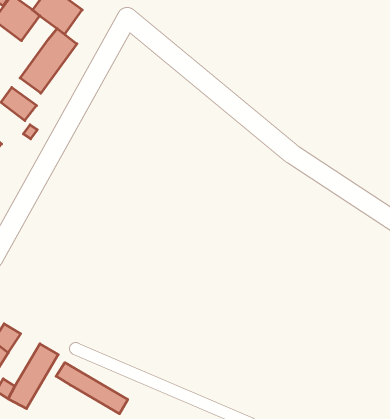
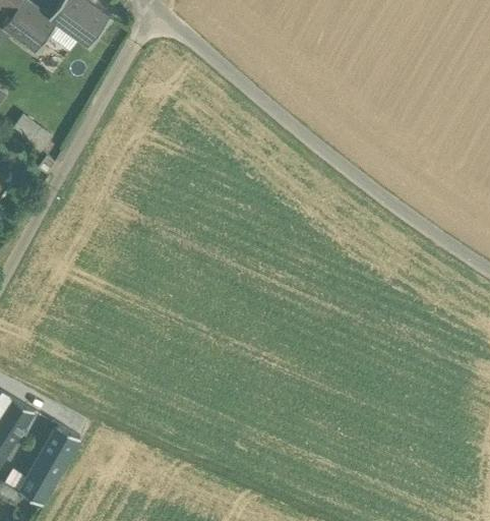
building: [20,28,77,93] -> none
building: [56,363,128,414] -> none

